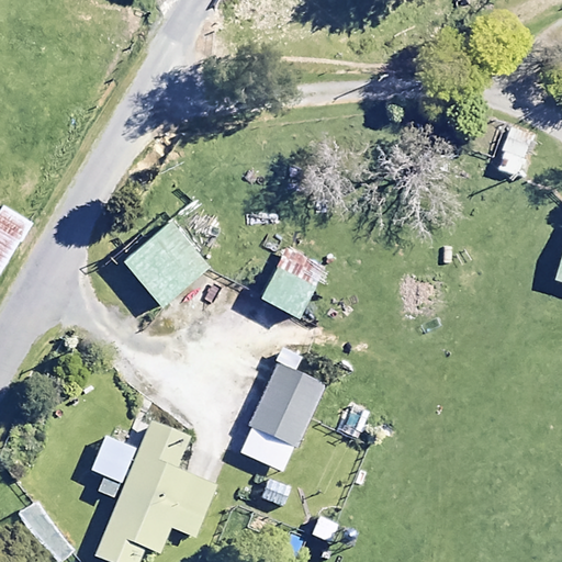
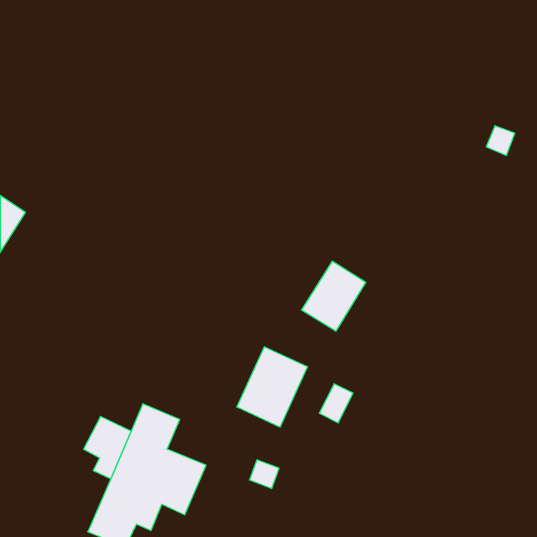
building: [123,222,209,306] -> none
building: [259,245,326,317] -> [301,261,366,331]

